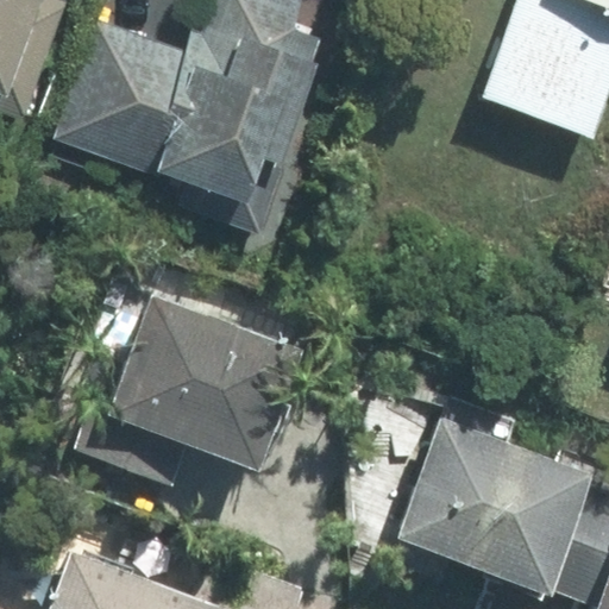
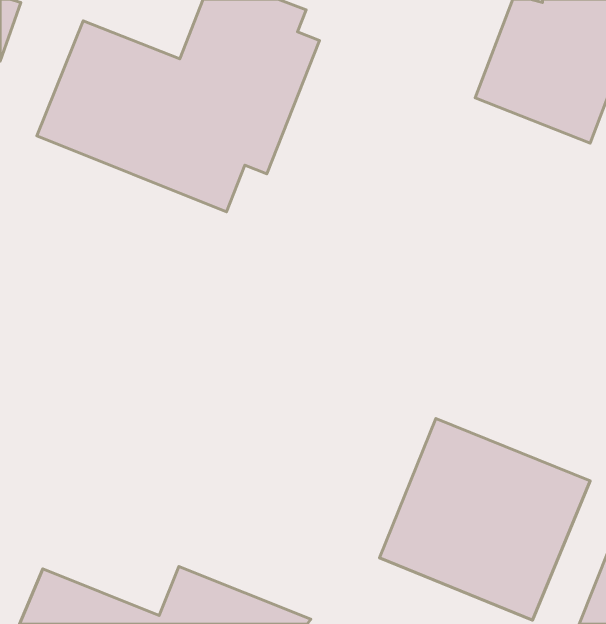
building: [98,302,291,476] -> none

